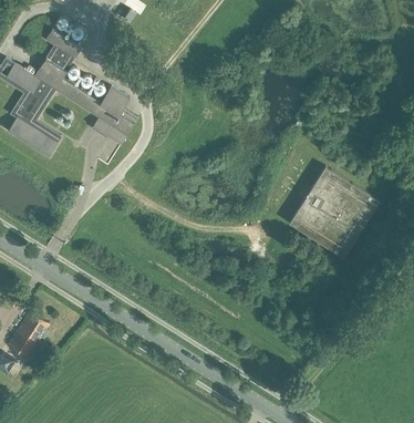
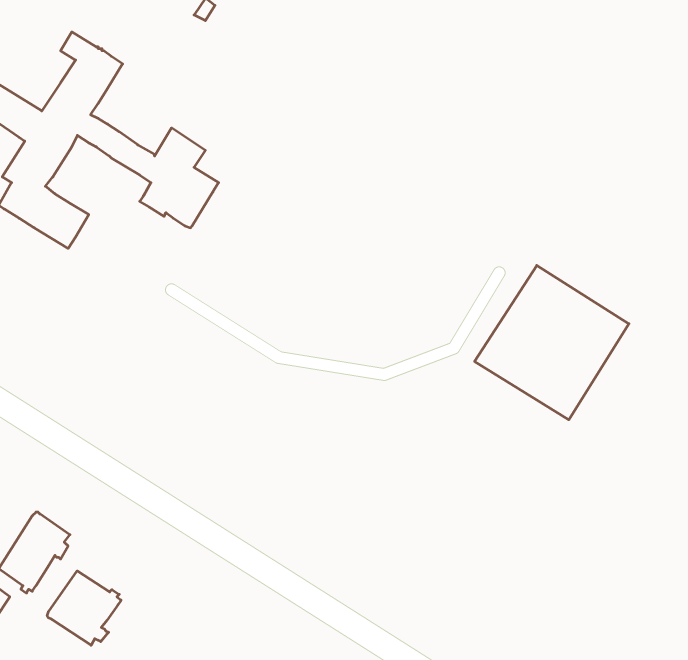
building: none -> [47,571,121,645]

